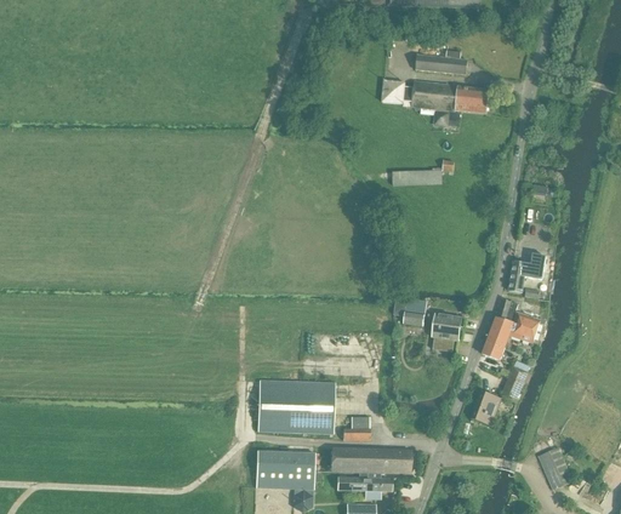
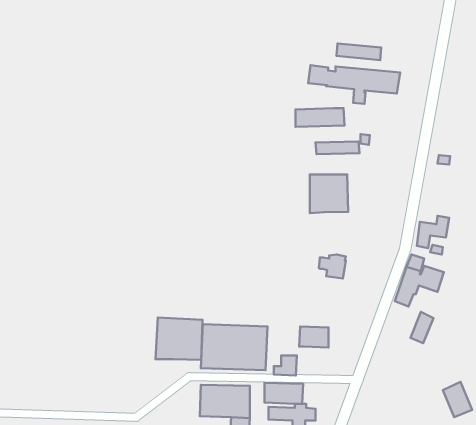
building: none -> [295,108,345,127]
building: none -> [310,174,348,213]
building: [432,314,461,353] -> none
building: none -> [156,318,203,360]
building: [471,392,500,424] -> none
building: [375,450,409,474] -> [299,327,328,347]

